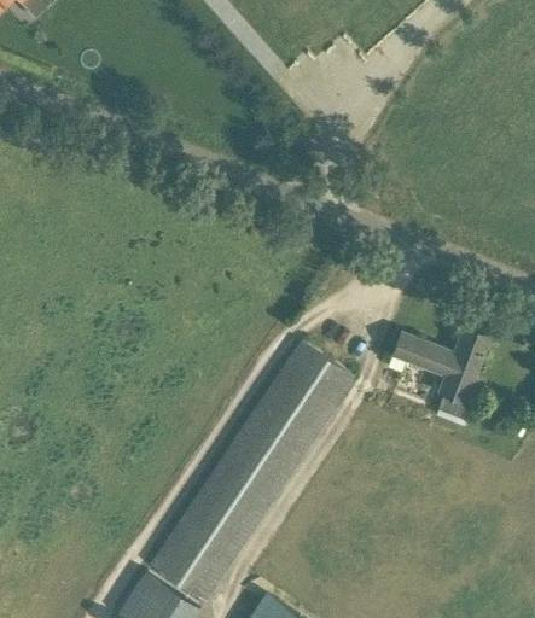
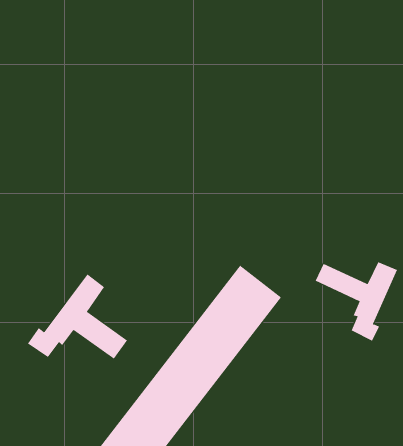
building: none -> [27,273,128,360]

